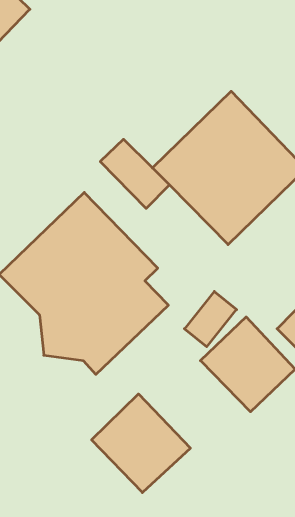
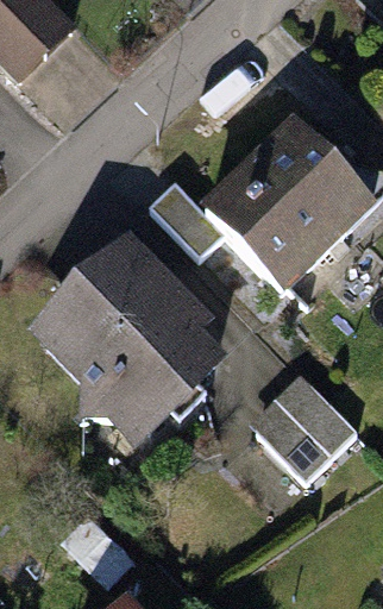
building: [92,394,190,493] -> none

